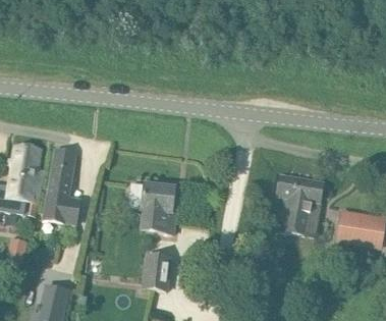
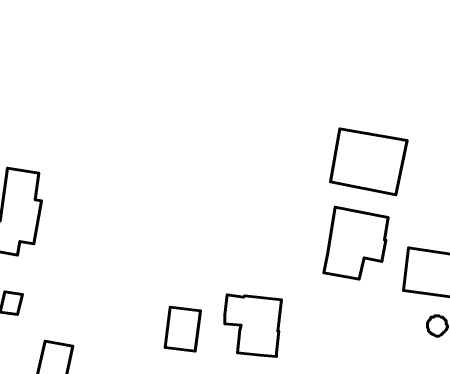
building: none -> [331,129,407,195]
building: [44,150,80,226] -> none
building: [129,183,175,233] -> [225,295,281,357]

